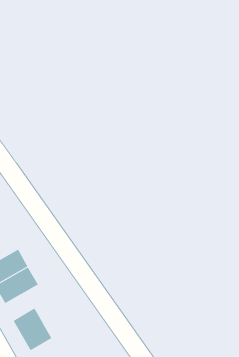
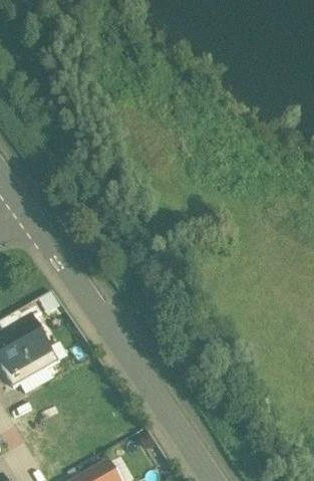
building: [13,308,52,351] -> none

